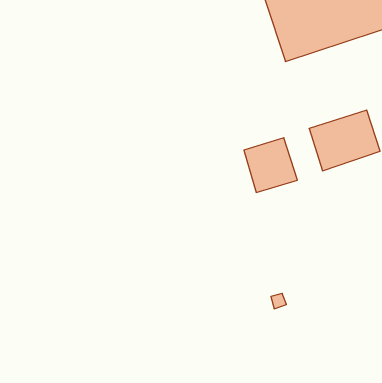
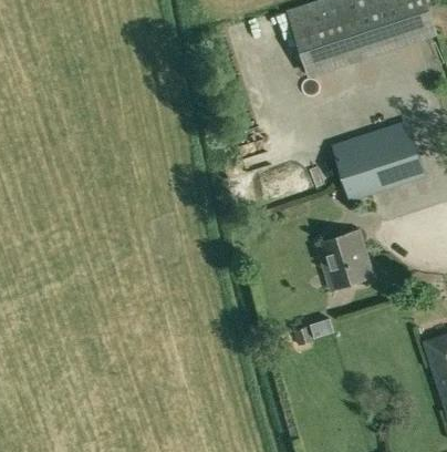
building: [244,138,297,192] -> [315,230,373,289]

